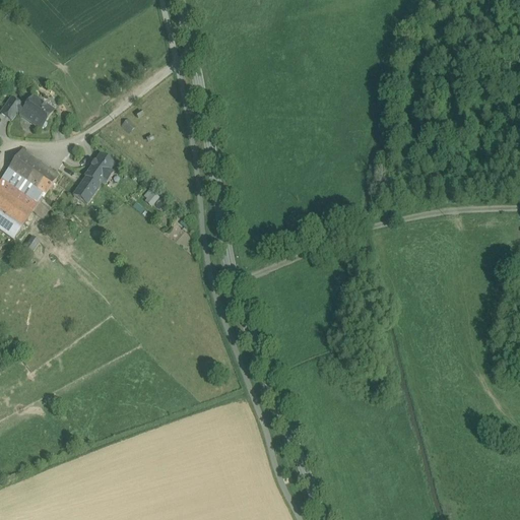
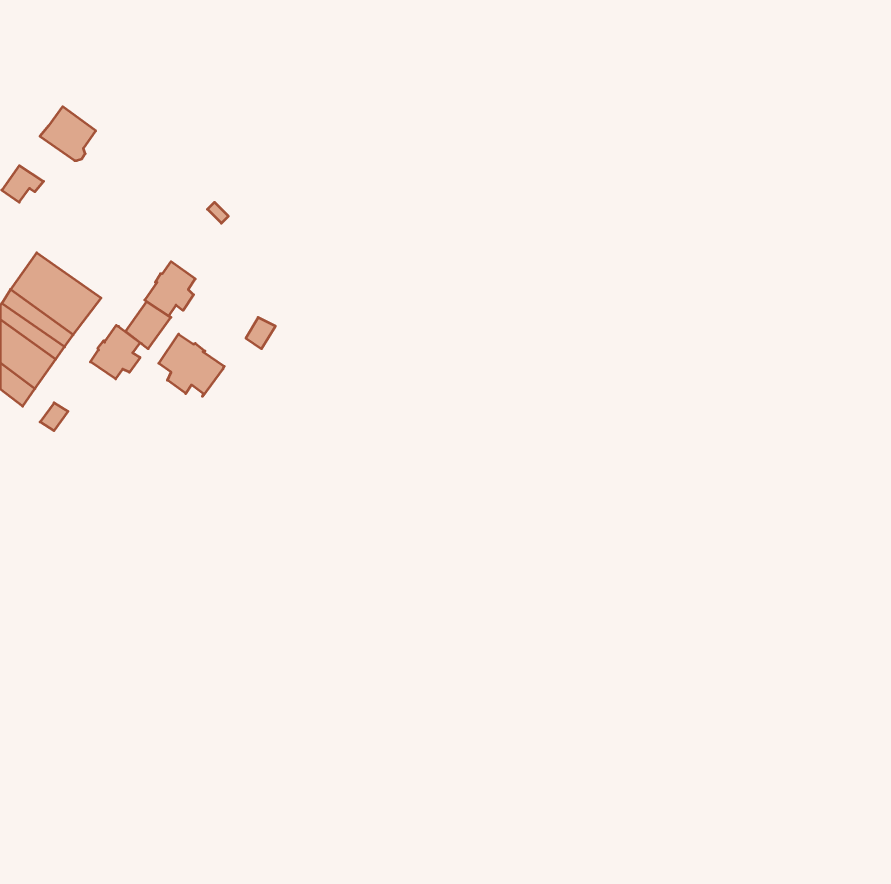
building: [20,94,53,126] -> [40,107,96,161]
building: none -> [90,325,142,379]
building: none -> [159,334,224,396]

